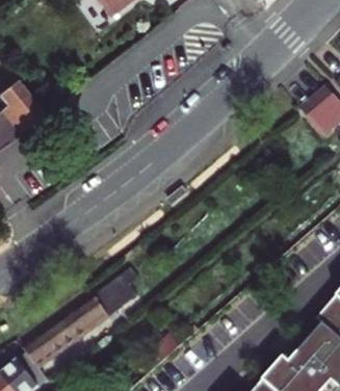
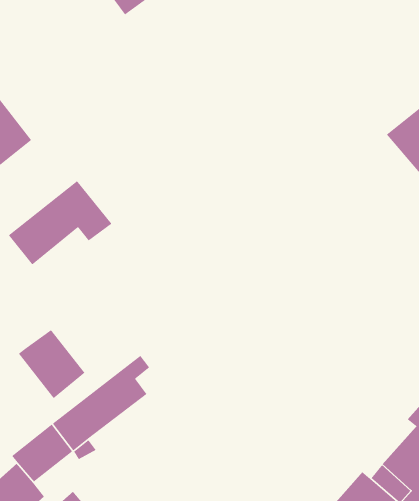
building: none -> [8,180,112,266]
building: none -> [18,329,85,399]

